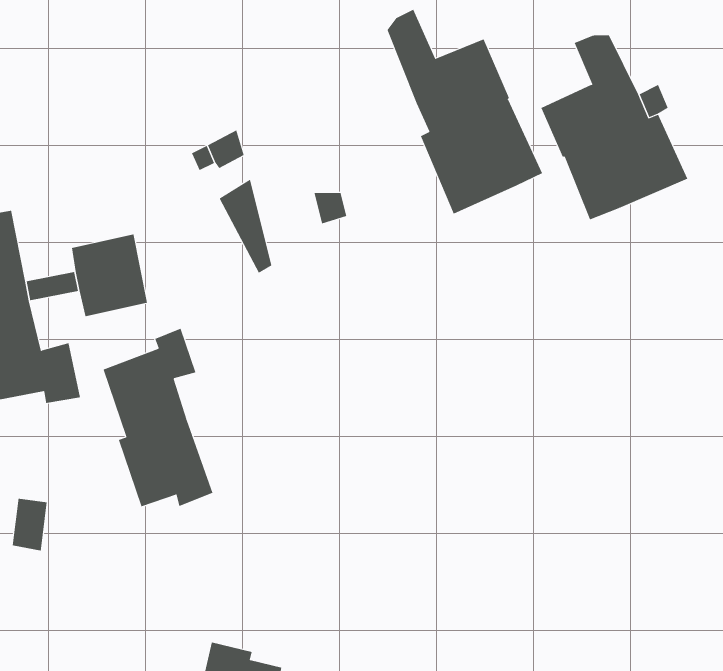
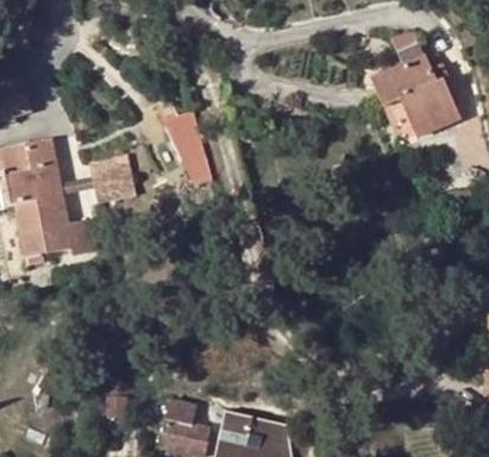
building: [387,9,543,215] -> none
building: [103,328,213,507] -> none

